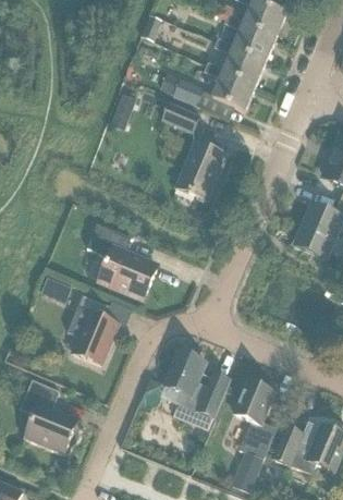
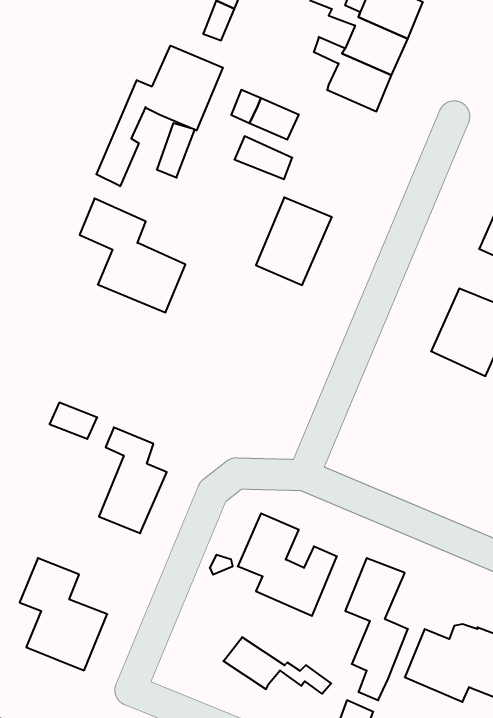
building: none -> [96,46,223,186]
building: [204,60,256,111] -> none
building: [87,222,157,297] -> [80,198,185,312]
building: none -> [223,637,331,694]

